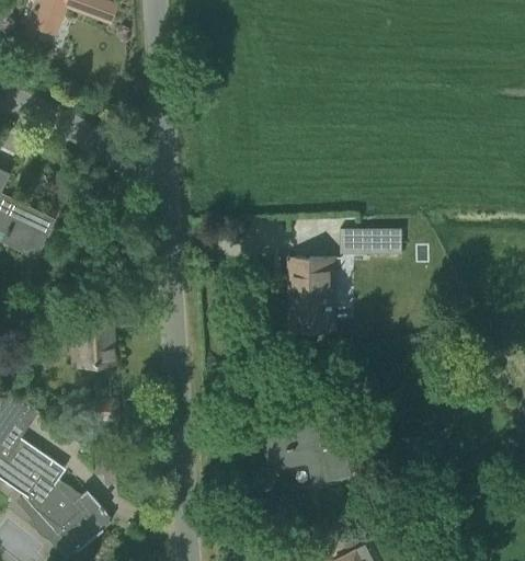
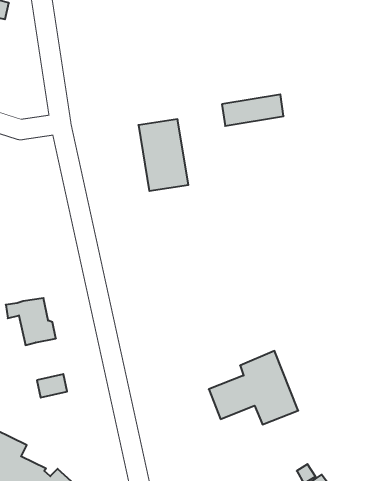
building: [341,229,403,253] -> [222,94,284,126]
building: [292,259,334,329] -> [138,119,188,191]

